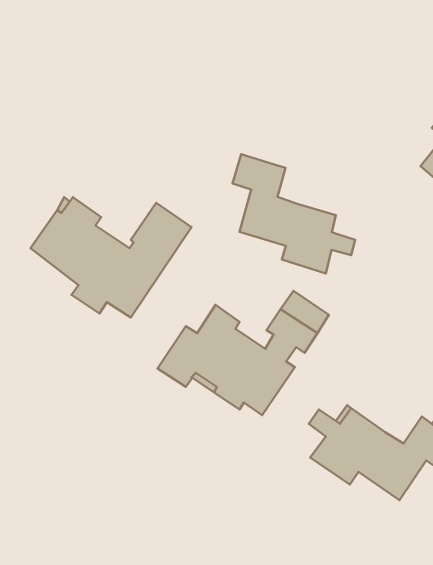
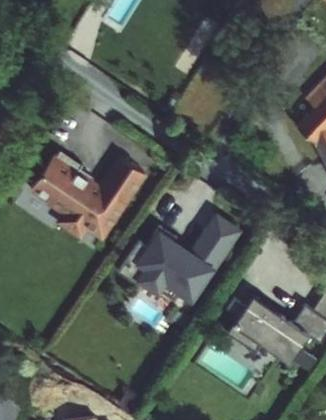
building: [232,154,355,273] -> none

